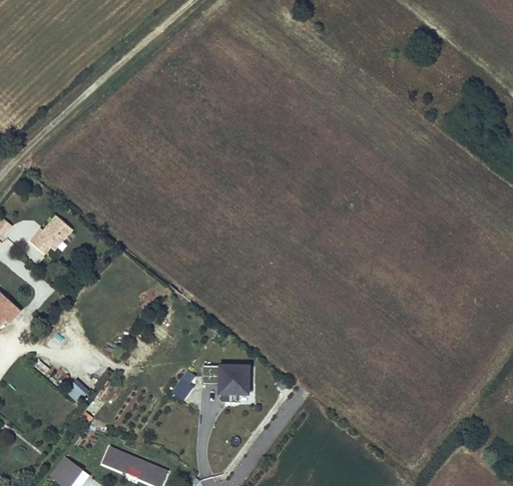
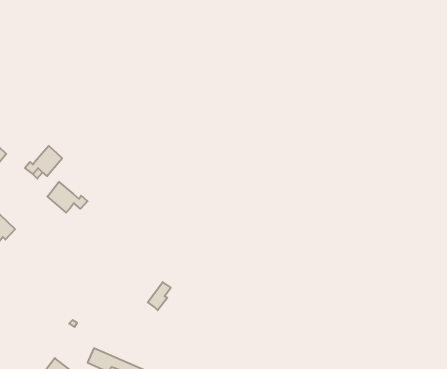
building: none -> [47,182,88,213]
building: [202,366,248,403] -> none

